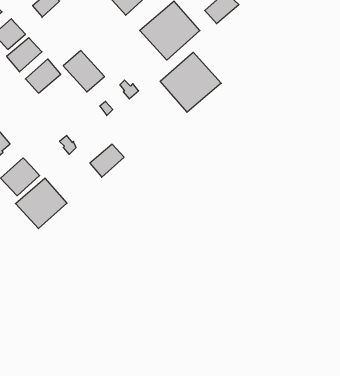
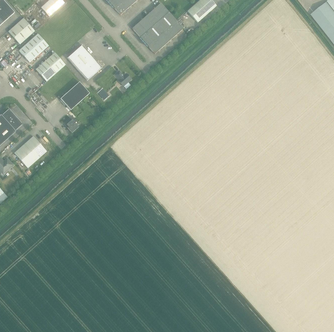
building: [160,52,221,112] -> none
building: [90,144,124,177] -> [59,81,88,109]
building: [15,178,67,229] -> none

